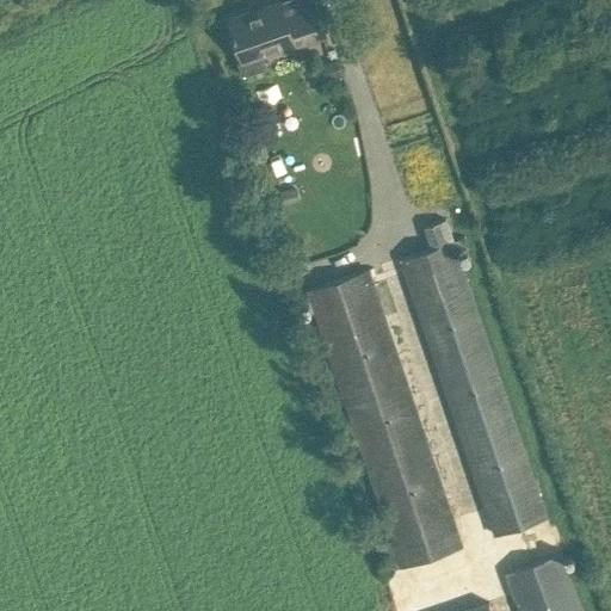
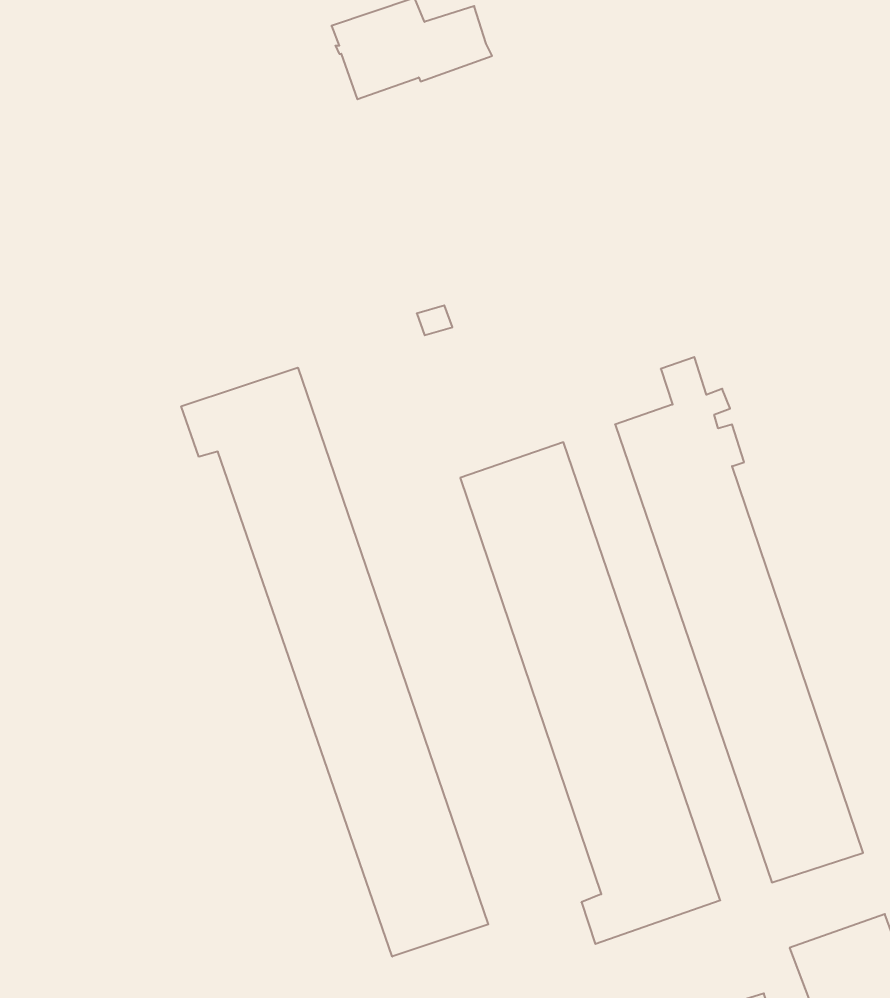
building: none -> [181,368,488,957]

